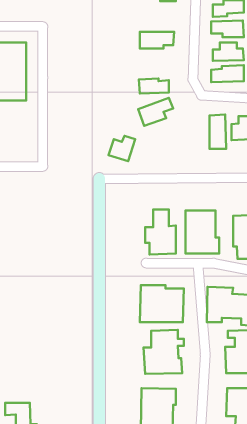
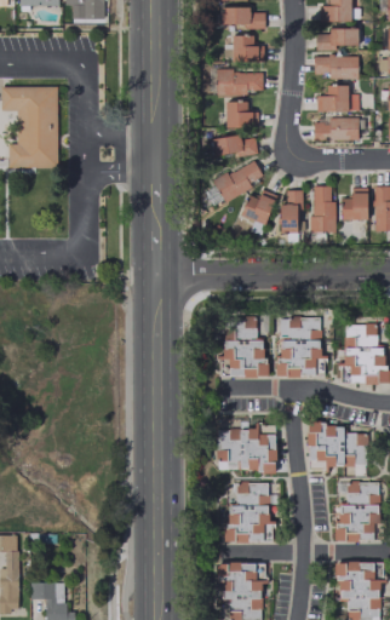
building: none -> [231,35,264,62]
building: none -> [225,102,258,127]
building: none -> [281,190,300,232]
building: [109,136,135,161] -> [240,190,276,225]

